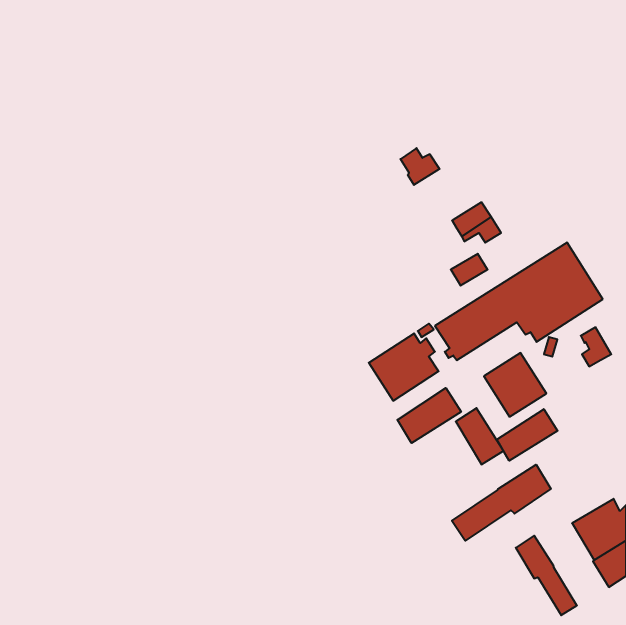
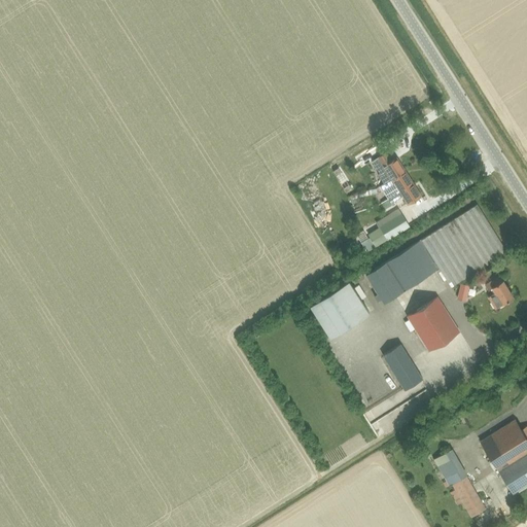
building: [400,148,440,185] -> [372,153,405,184]
building: [397,388,461,443] -> none
building: [497,409,558,461] -> none
building: [452,465,551,541] -> none

